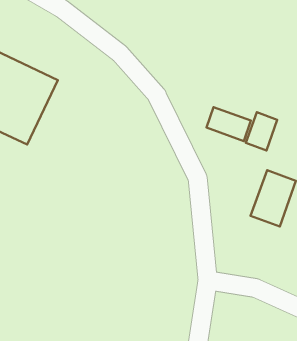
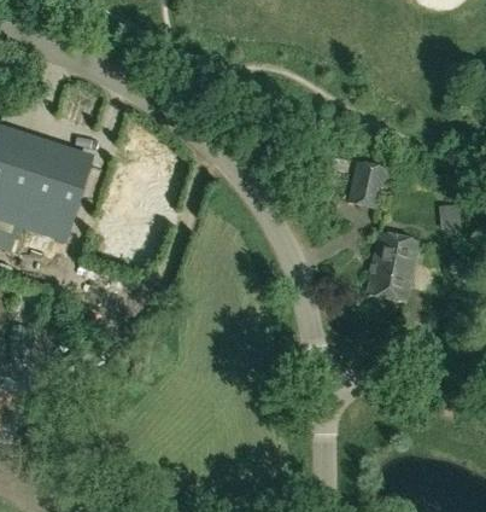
building: [206,107,251,141] -> none

